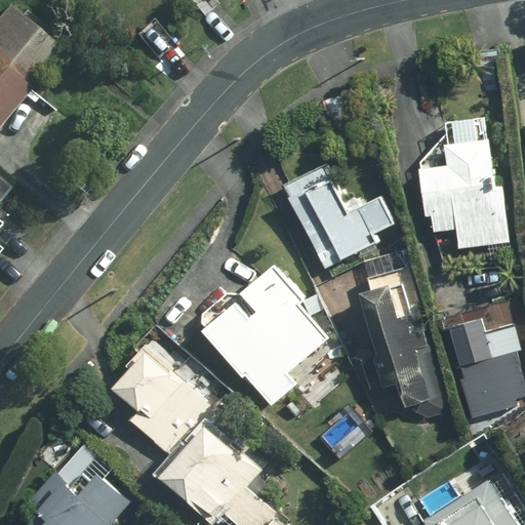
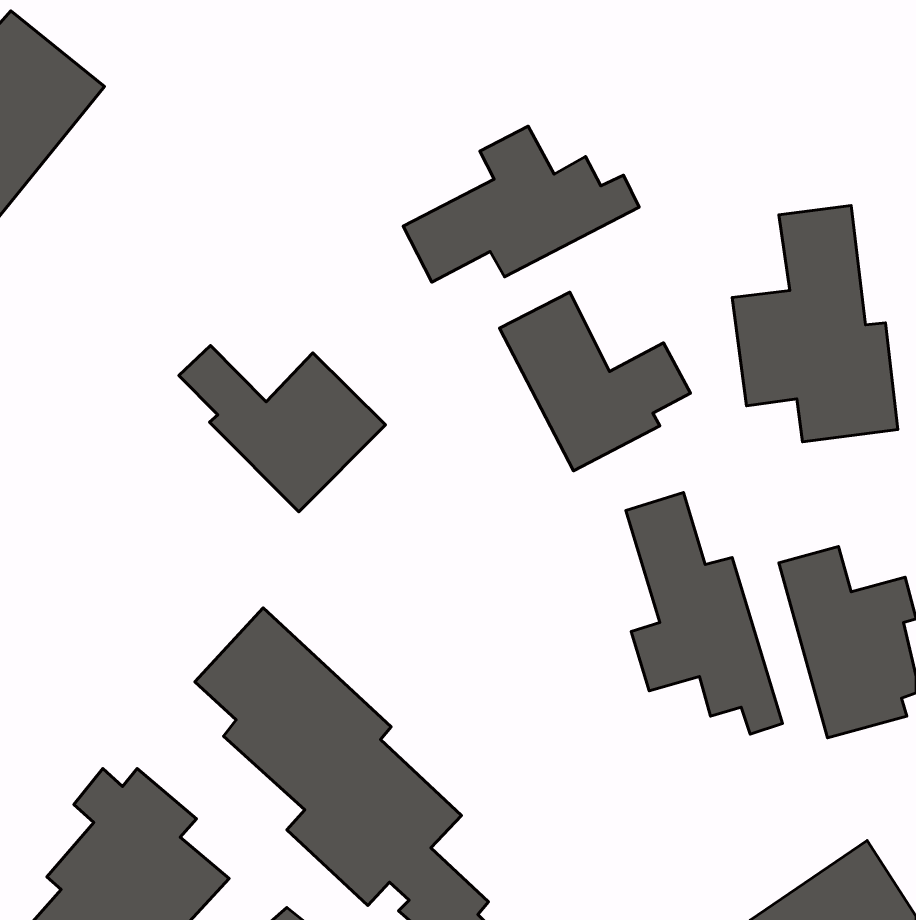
building: none -> [403,126,639,282]
building: none -> [179,345,386,512]
building: [200,266,328,401] -> none

